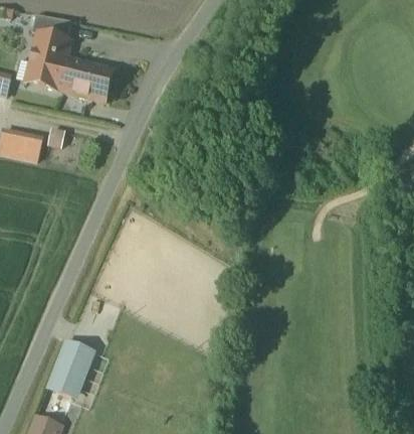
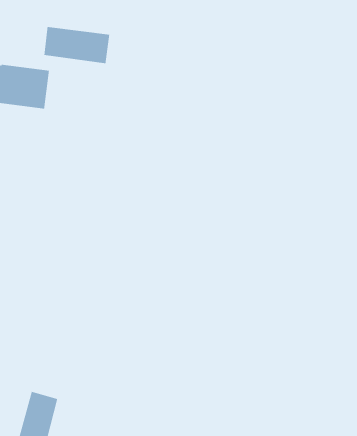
building: none -> [44,26,110,64]

